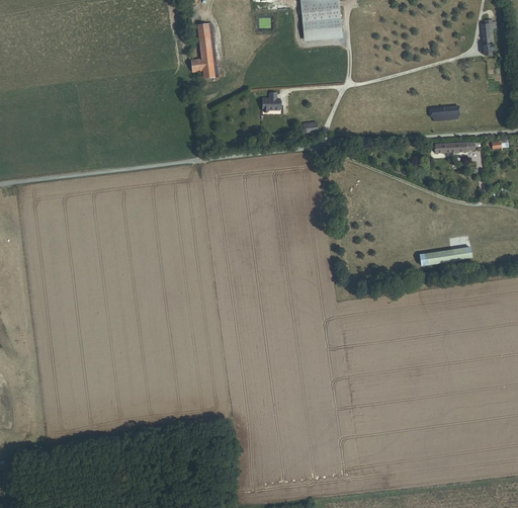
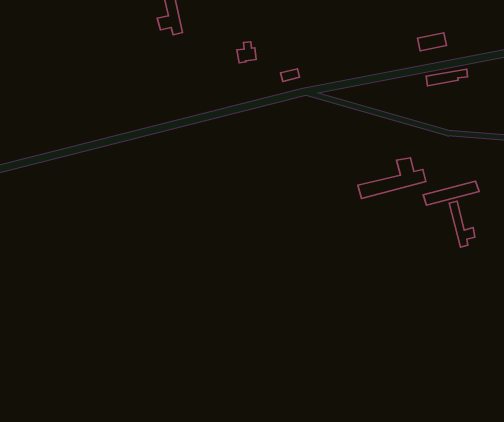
building: none -> [358,158,426,199]
building: none -> [449,201,475,247]

